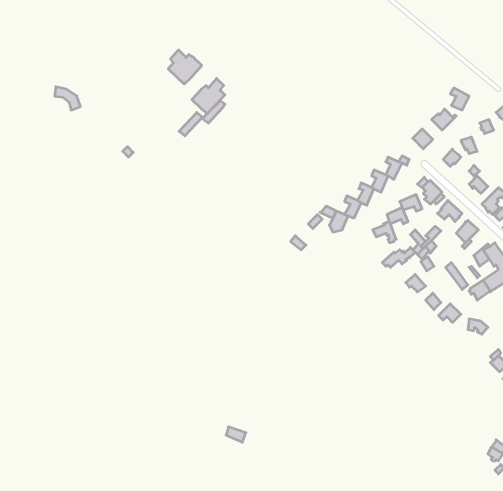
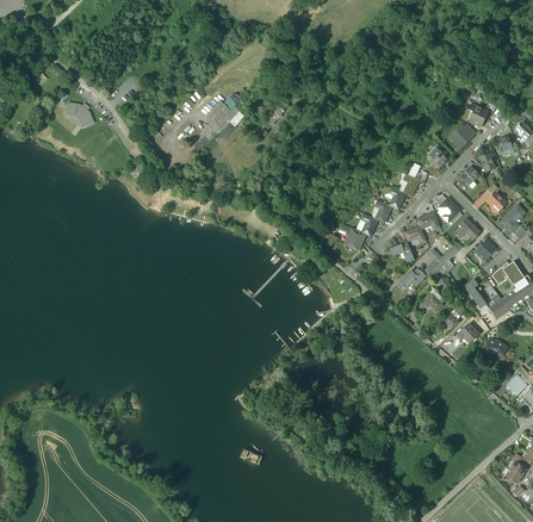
building: [168,50,202,84] -> none

